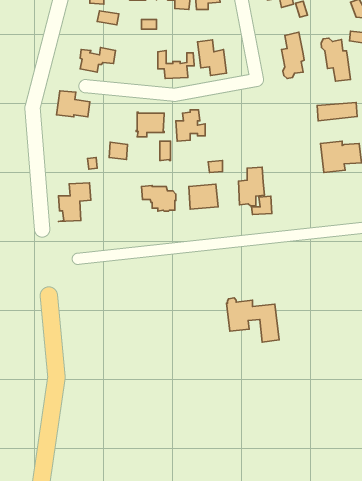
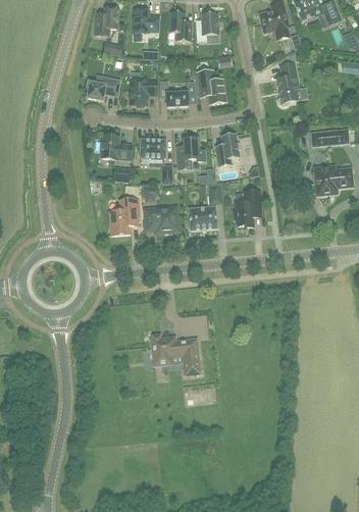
building: [321,38,351,81] -> none
building: none -> [130,80,157,106]
building: [56,91,90,117] -> [101,135,133,159]
building: none -> [215,133,241,166]
building: [58,183,91,222] -> [109,198,140,235]
building: [226,298,279,342] -> [151,334,201,375]

